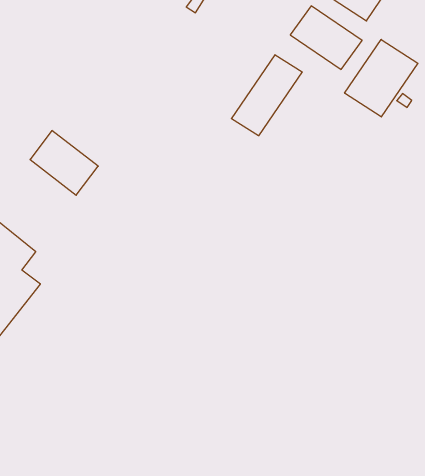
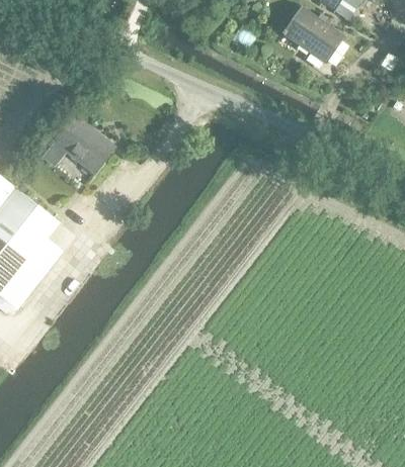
building: [345,39,418,117] -> none
building: [231,55,302,136] -> none

